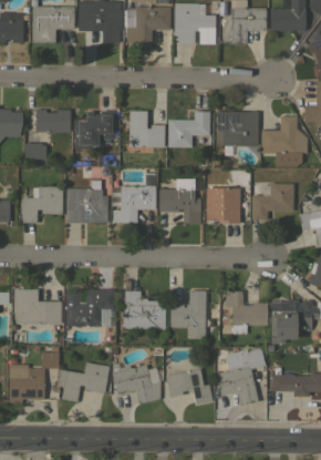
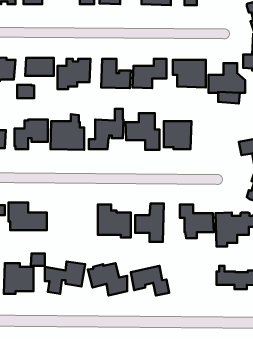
building: [251,184,293,219] -> none
building: [65,289,115,326] -> none
building: [216,348,266,406] -> none

